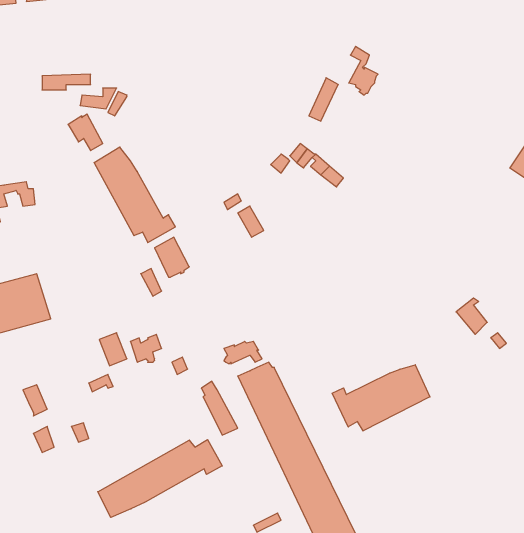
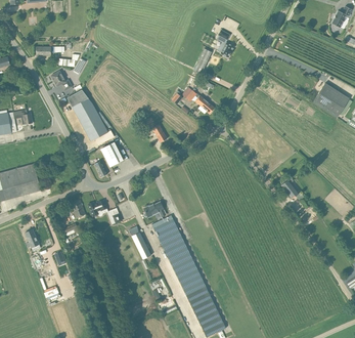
building: [332,365,430,431] -> none
building: [98,440,222,517] -> none

